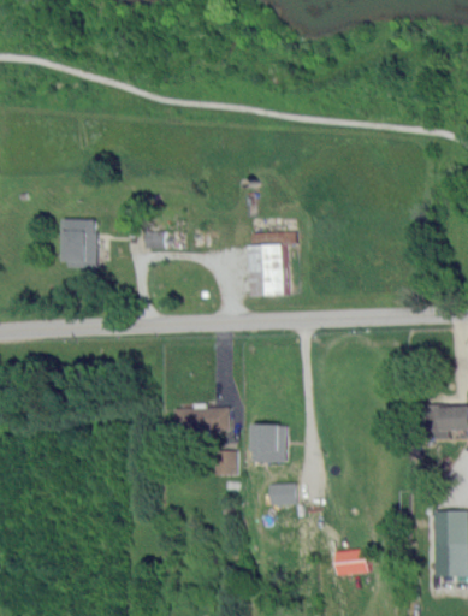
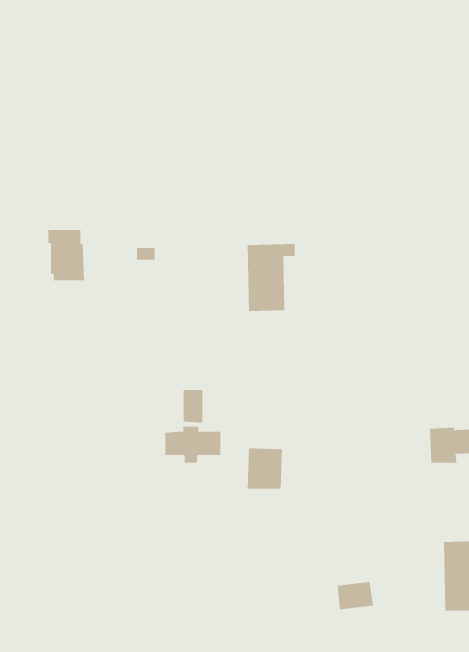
building: none -> [183,389,203,423]
building: [214,451,236,475] -> none
building: [268,484,296,505] -> none

